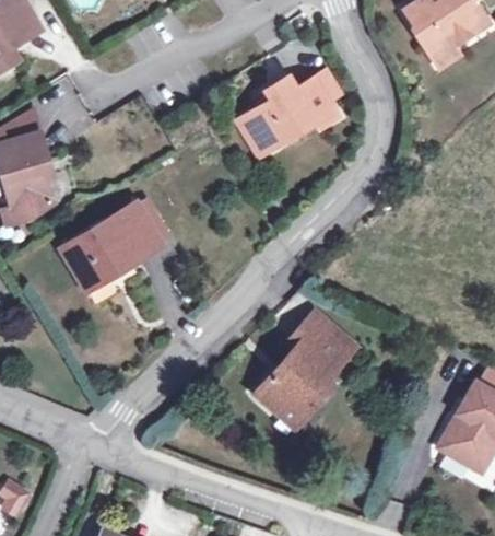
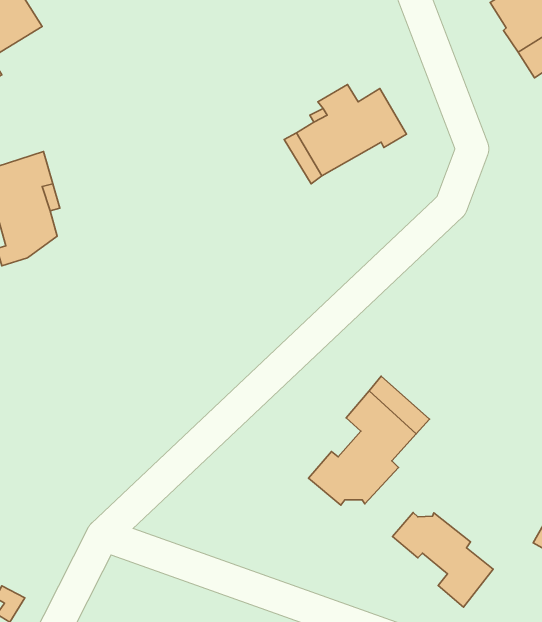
building: [63,202,162,288] -> none
building: none -> [393,513,493,607]

